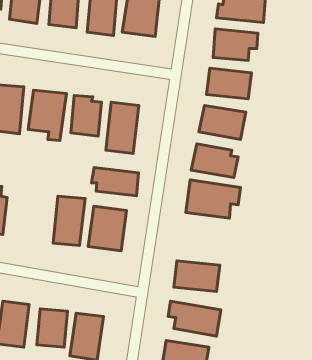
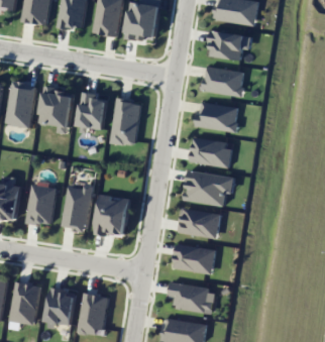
building: [92,168,138,196] -> none
building: none -> [26,184,57,225]
building: none -> [180,209,220,236]

